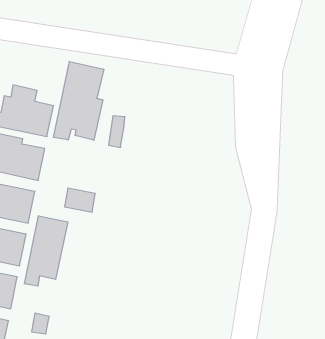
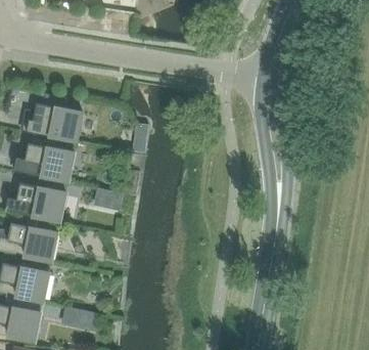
building: [54,61,104,140] -> none
building: [24,216,68,286] -> none

